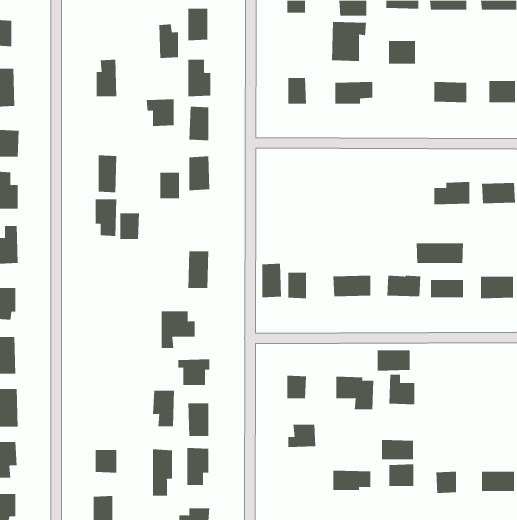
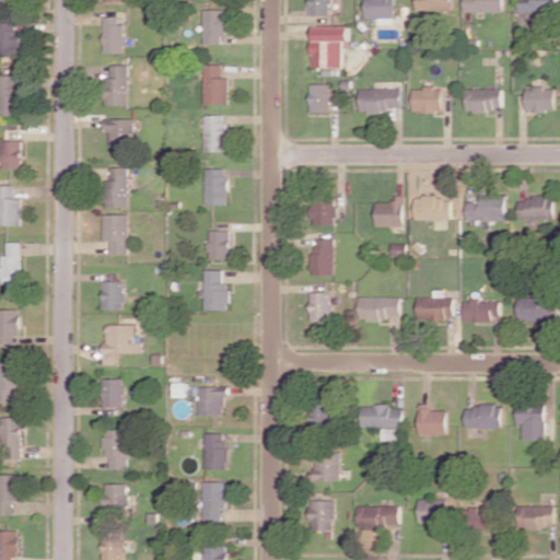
building: [331,22,367,61] -> [311,26,349,69]
building: [158,24,179,58] -> [101,16,122,54]
building: [388,41,416,64] -> [411,88,441,113]
building: [146,99,175,126] -> [101,118,131,148]
building: [159,172,180,199] -> [206,231,228,259]
building: none -> [413,196,450,220]
building: none -> [310,198,332,225]
building: none -> [374,201,402,226]
building: [120,213,140,239] -> [101,281,122,310]
building: [416,243,464,264] -> none
building: [262,263,282,298] -> [311,238,332,276]
building: [161,311,195,348] -> [102,325,139,365]
building: [377,350,410,371] -> [464,406,500,429]
building: none -> [101,378,121,407]
building: none -> [515,405,542,440]
building: [152,390,175,427] -> [101,430,125,469]
building: [382,439,414,460] -> none
building: [152,448,173,496] -> none
building: none -> [307,500,334,530]

